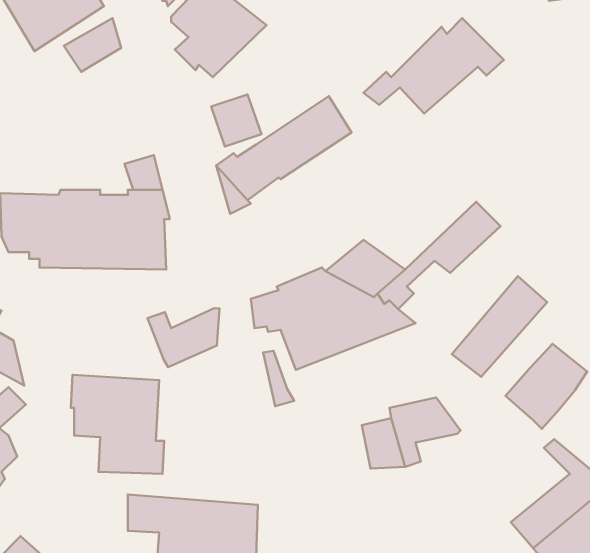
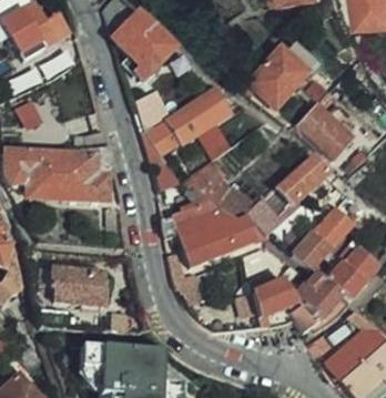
building: none -> [299,95,366,156]
building: none -> [181,164,234,203]
building: [147,308,220,367] -> none
building: none -> [294,275,343,334]

